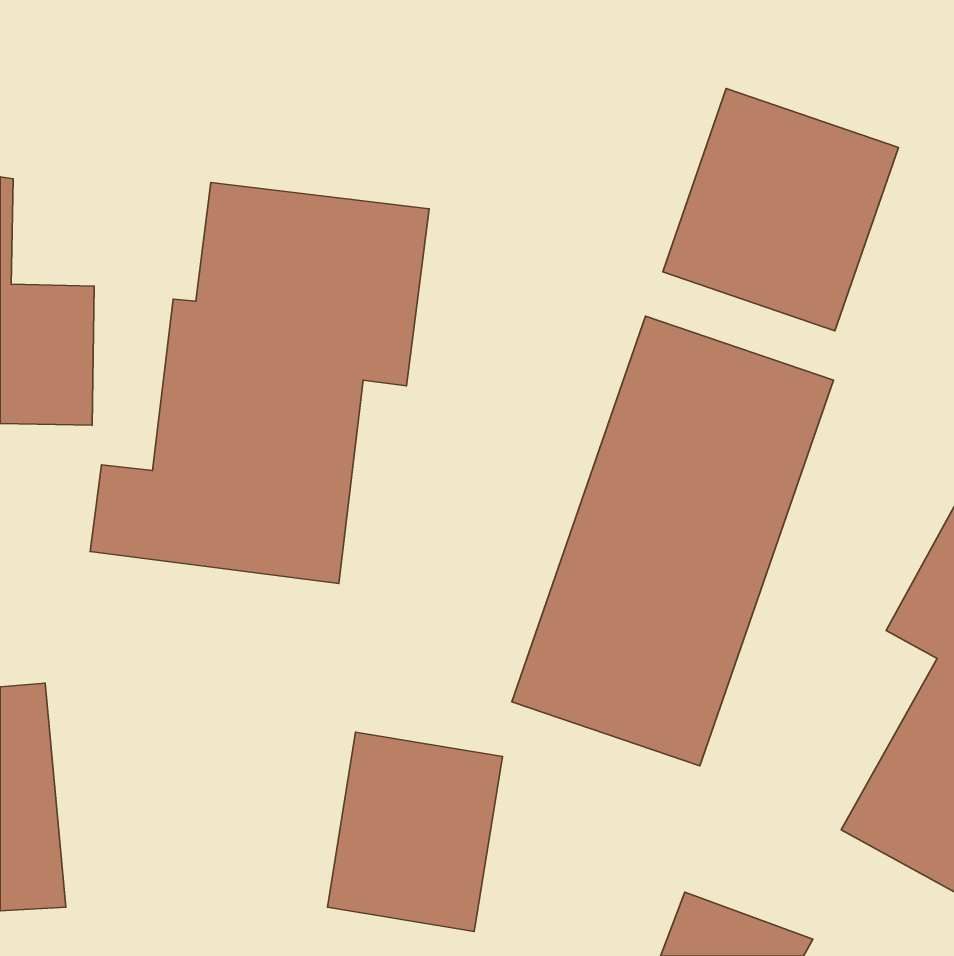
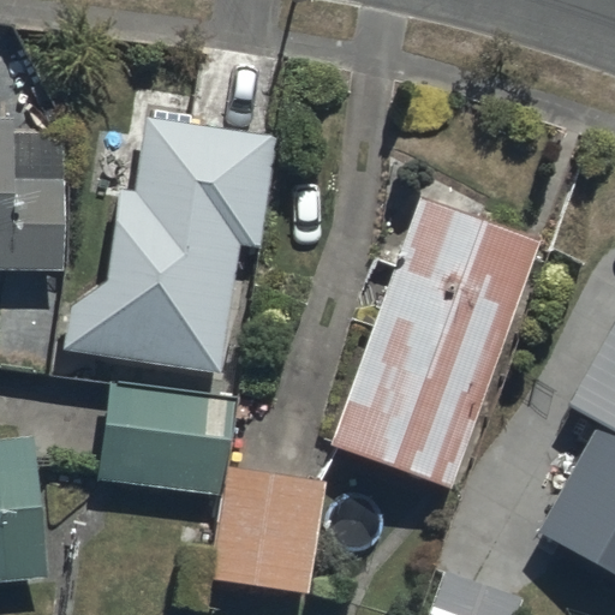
building: [663,89,898,331] -> none
building: none -> [101,381,233,491]

